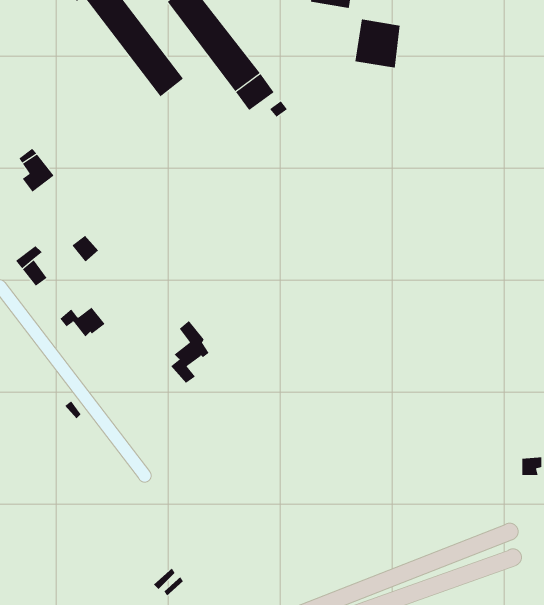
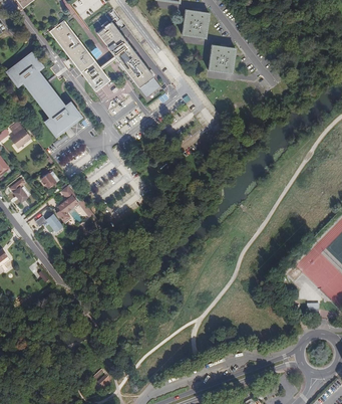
building: none -> [8,53,79,134]
building: [170,320,210,383] -> [56,185,79,222]

